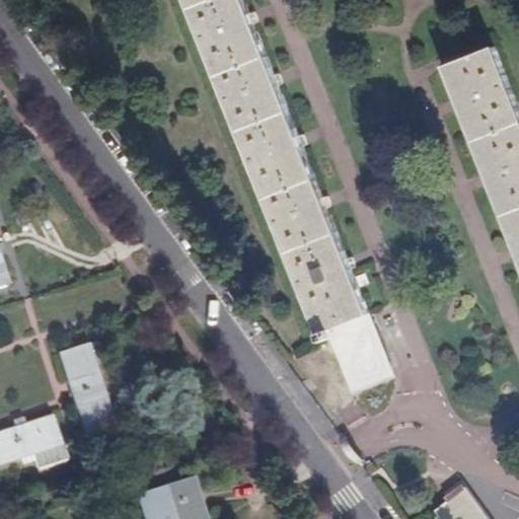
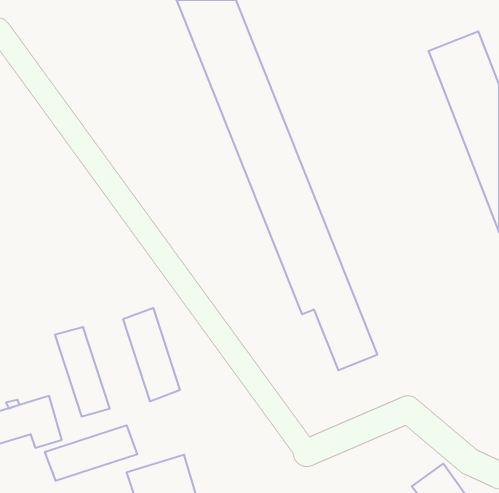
building: none -> [123,308,180,401]
building: none -> [45,425,137,481]

